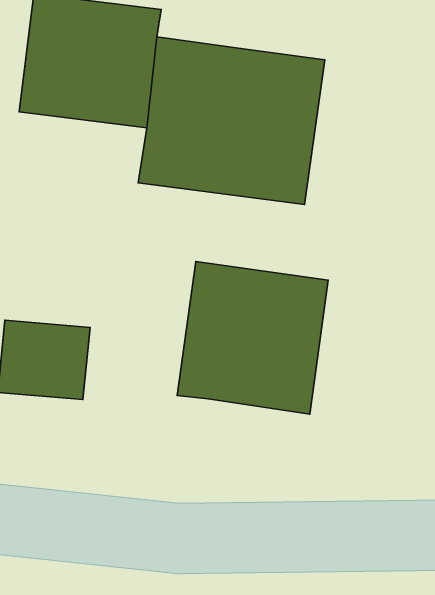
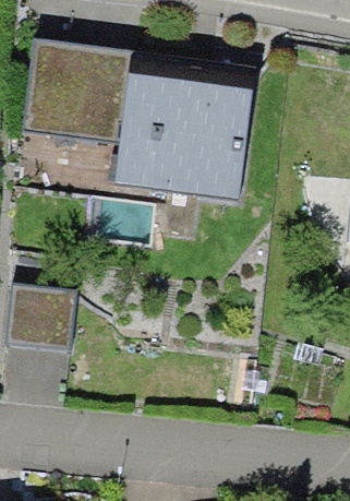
building: [177,261,328,414] -> none

